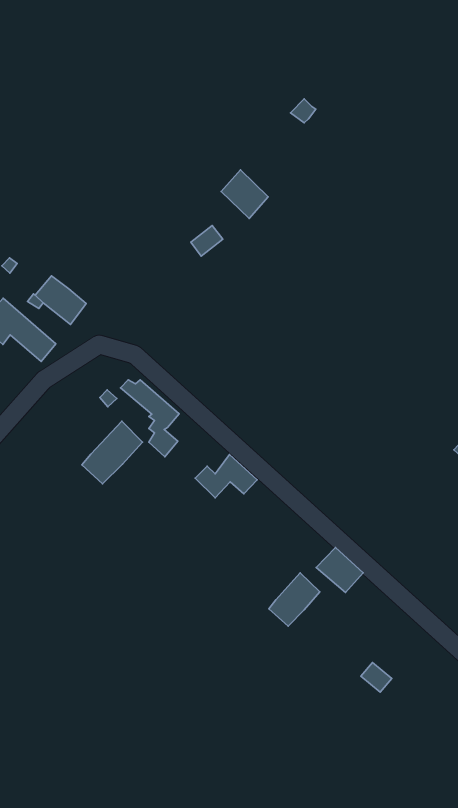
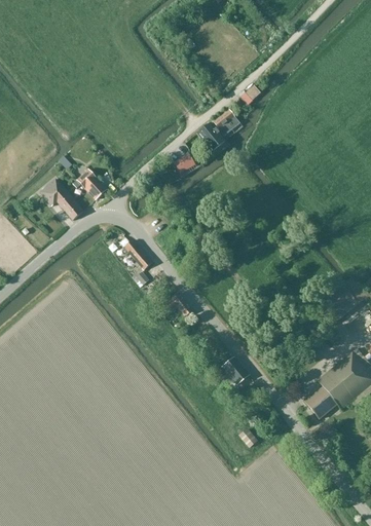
building: none -> [212,109,239,136]
building: [82,421,142,484] -> none
building: [269,573,320,626] -> none

